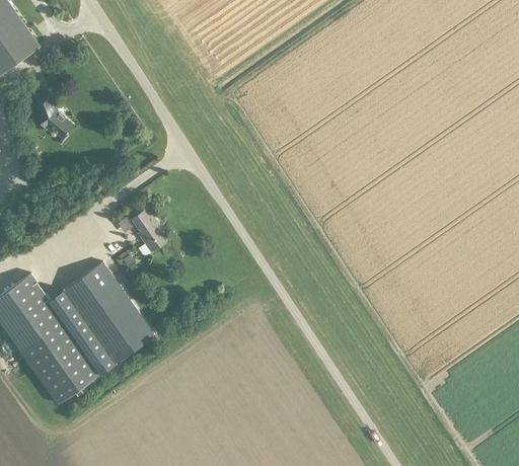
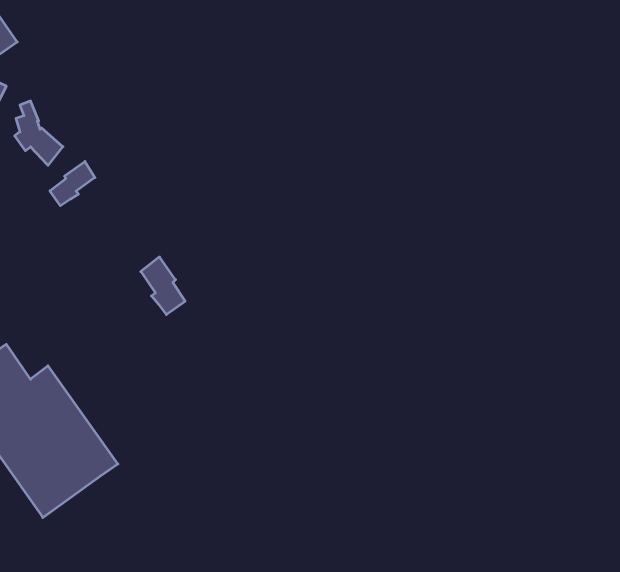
building: none -> [50,161,95,206]
building: [62,262,154,365] -> none

